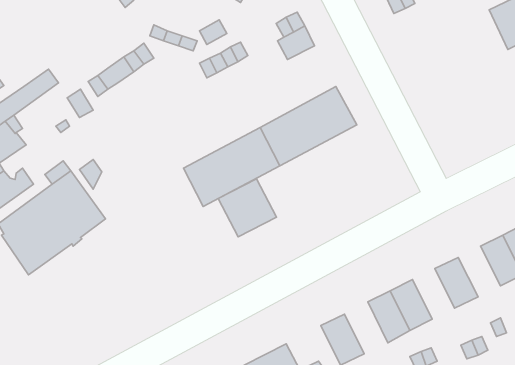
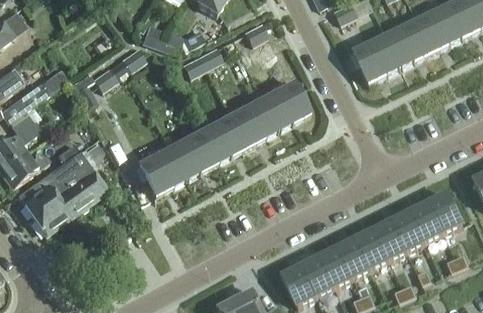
building: none -> [353,20,431,82]
building: [218,179,276,237] -> [138,148,185,195]
building: none -> [391,211,425,252]
building: none -> [354,229,388,270]
building: none -> [299,256,334,298]

